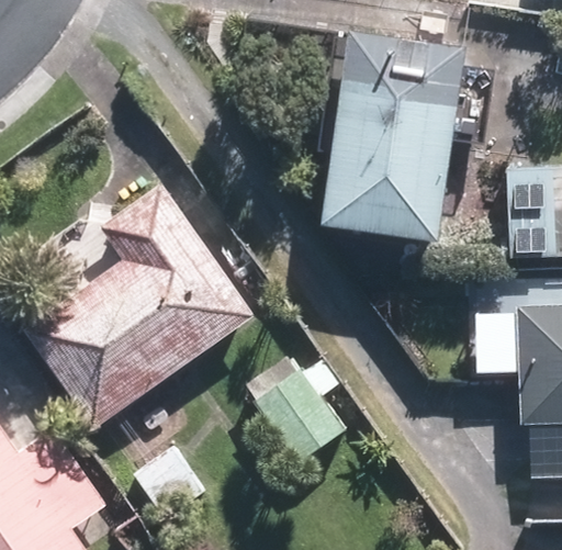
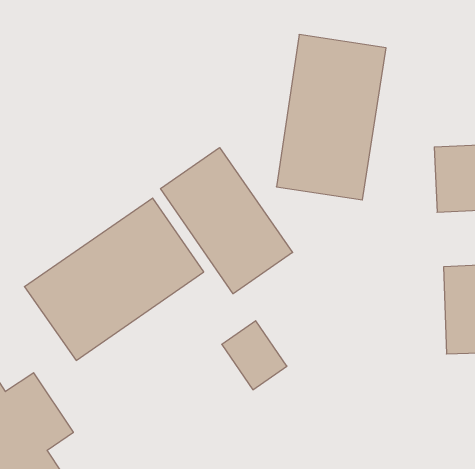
building: none -> [161,148,293,294]

